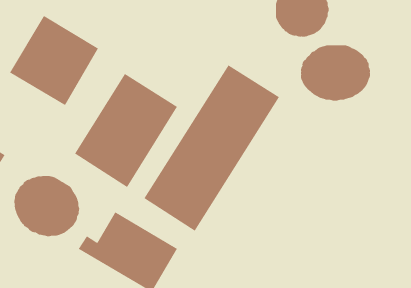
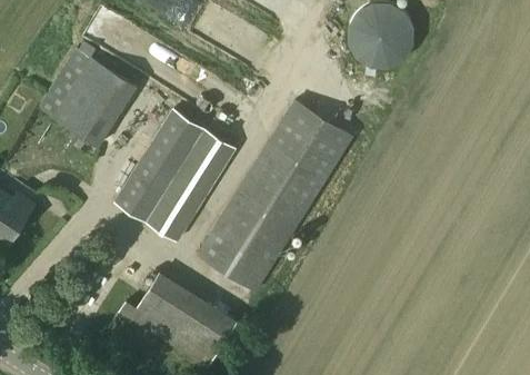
building: [301,45,370,102] -> none
building: [14,175,80,237] -> none

